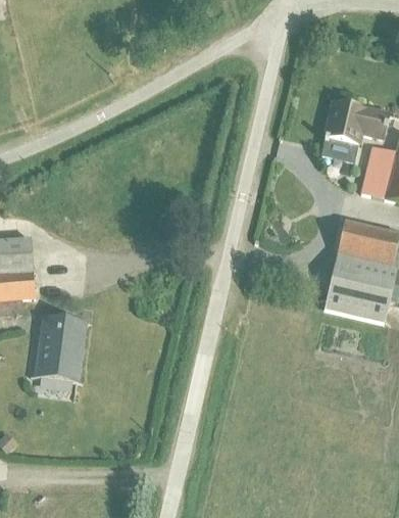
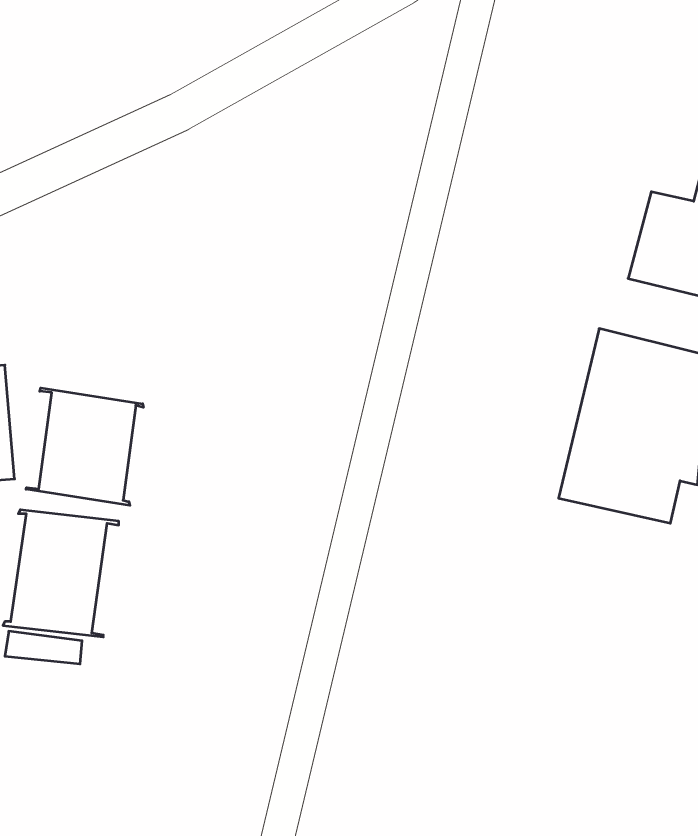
building: [320,100,390,162] -> none
building: none -> [26,388,143,505]

